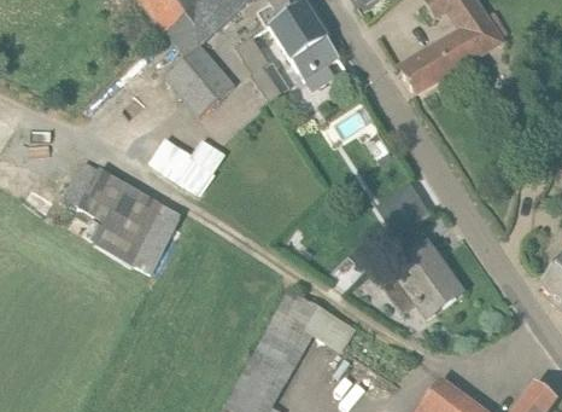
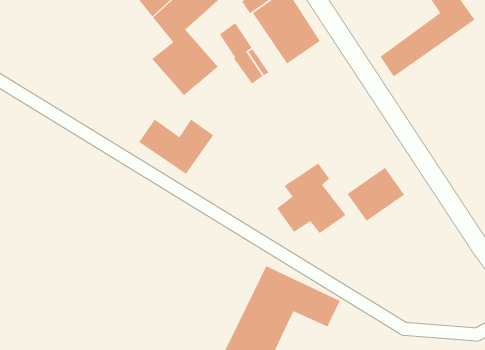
building: [55,161,177,262] -> none
building: [384,240,456,314] -> [276,162,347,234]

